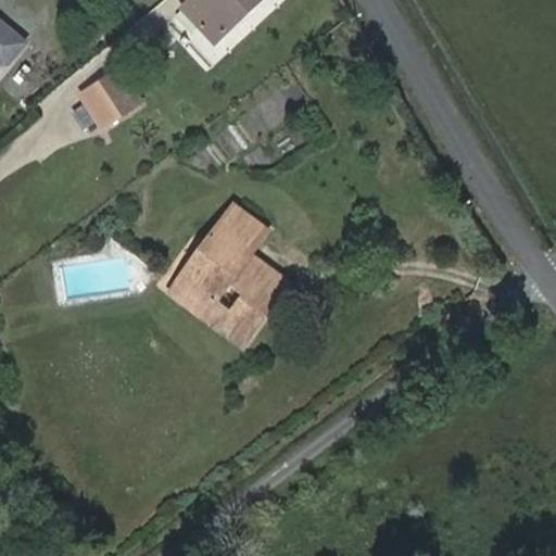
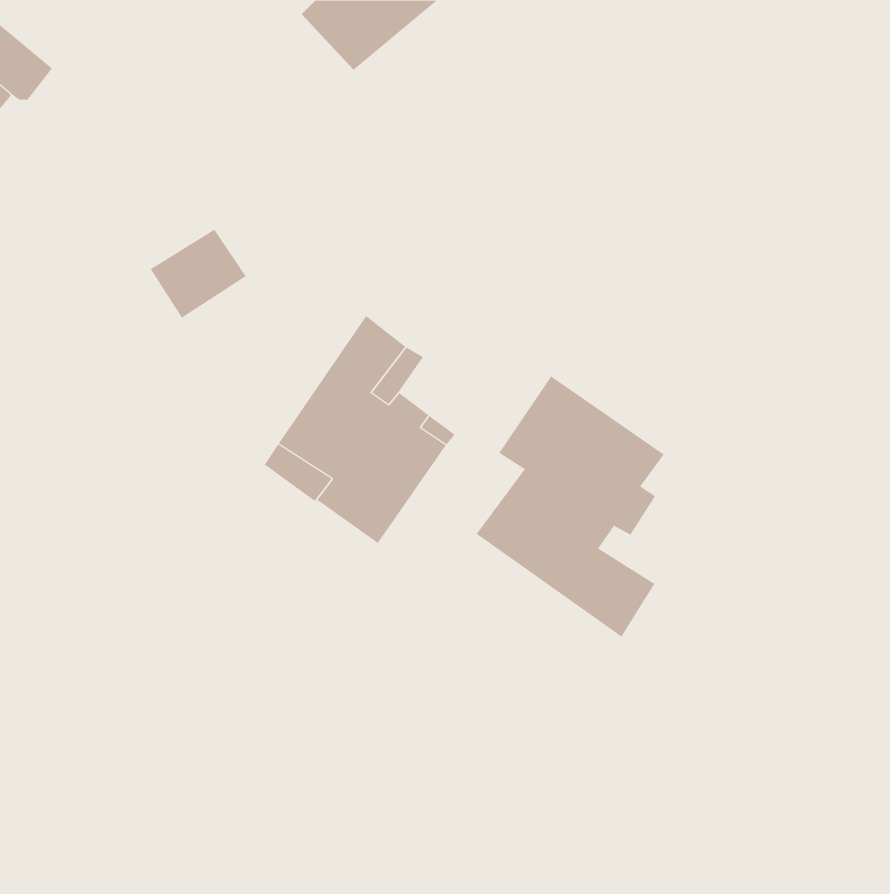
building: [86,74,146,129] -> [150,229,246,319]
building: none -> [476,375,664,637]

